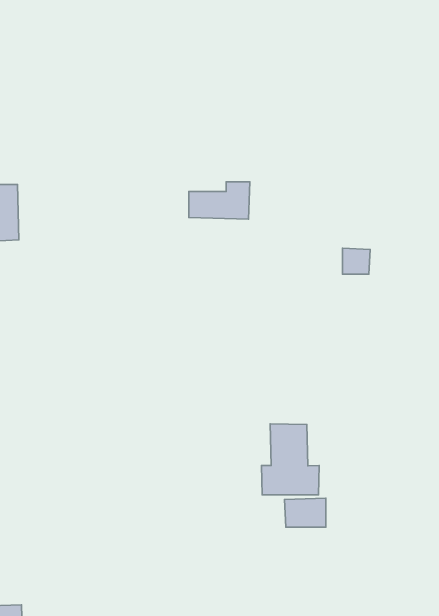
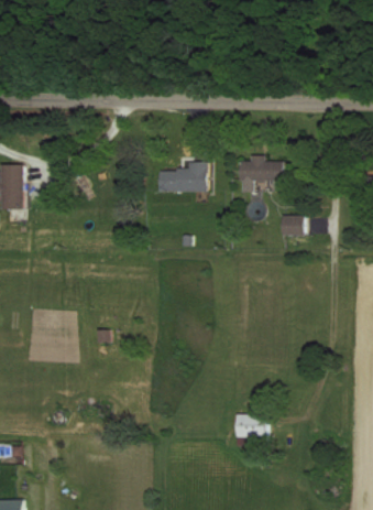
building: none -> [240,155,284,192]
building: [261,424,319,495] -> none

